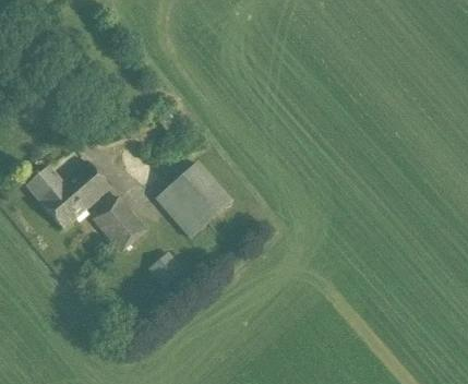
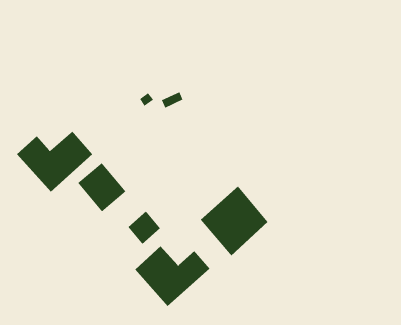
building: [155,159,231,238] -> [200,185,269,256]
building: none -> [134,246,211,307]

